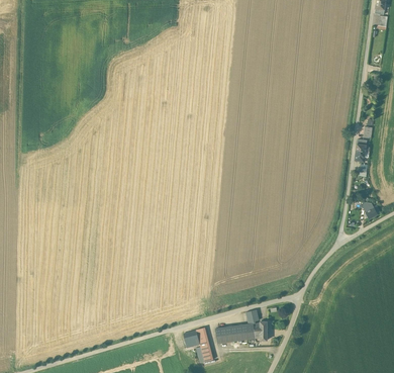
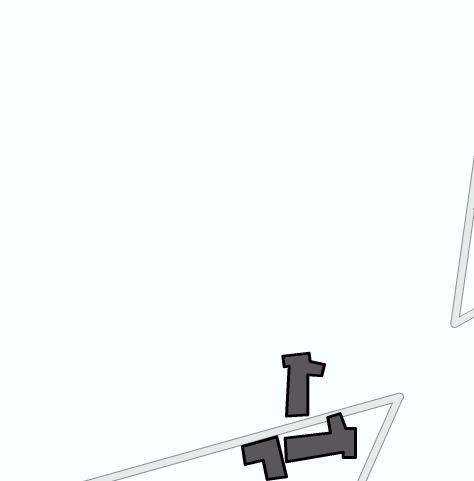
building: none -> [283,353,324,416]

